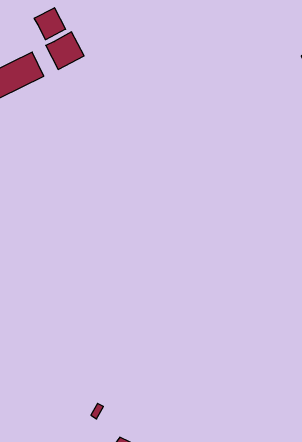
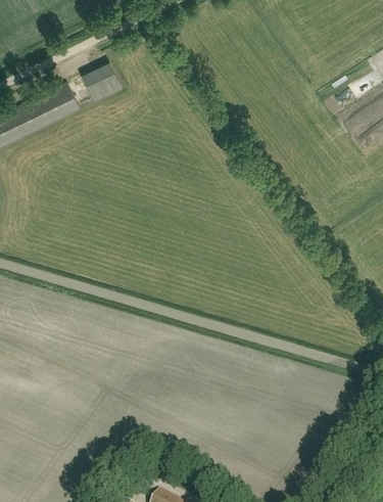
building: [34,8,66,40] -> none

